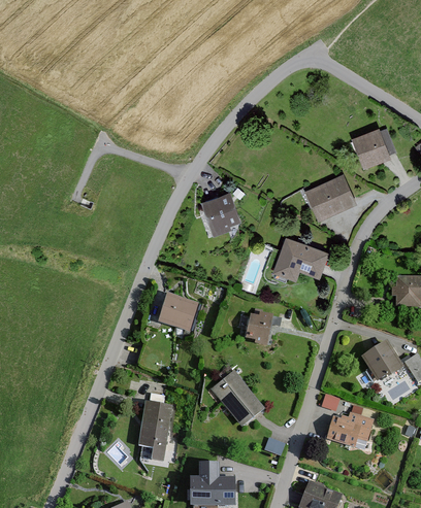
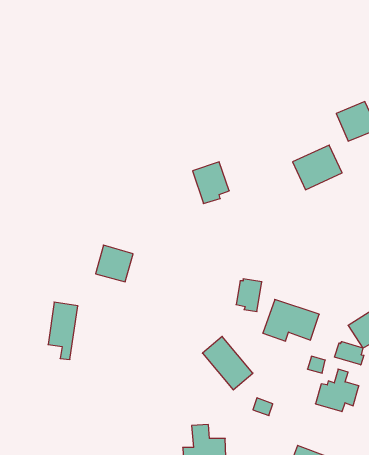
building: [273,235,332,278] -> [263,299,319,341]
building: [159,293,198,331] -> [96,245,133,282]
building: none -> [335,342,364,365]
building: [139,401,170,461] -> [48,302,78,359]

